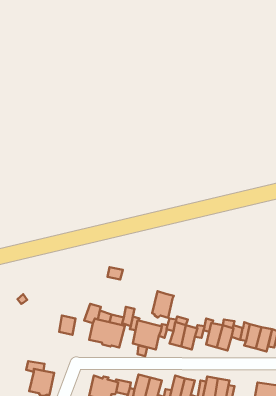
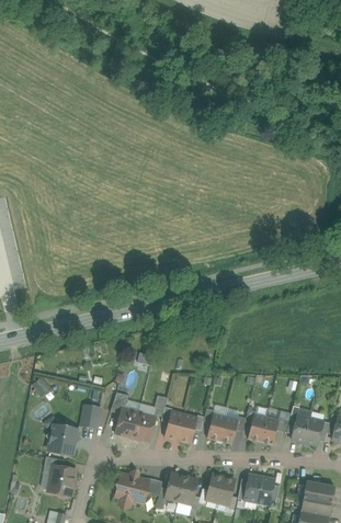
building: [152,291,174,318] -> none
building: none -> [45,421,80,454]

